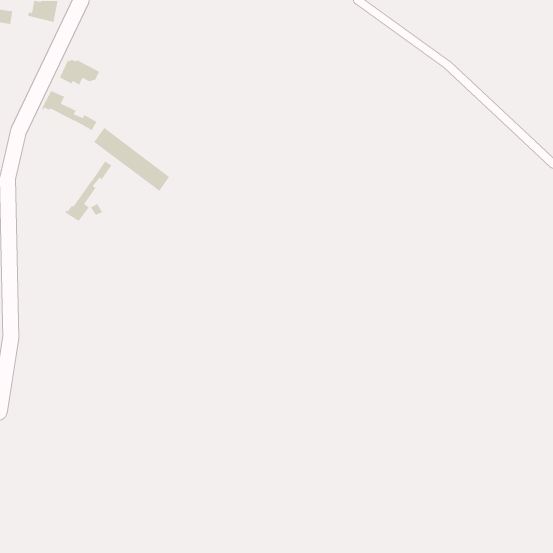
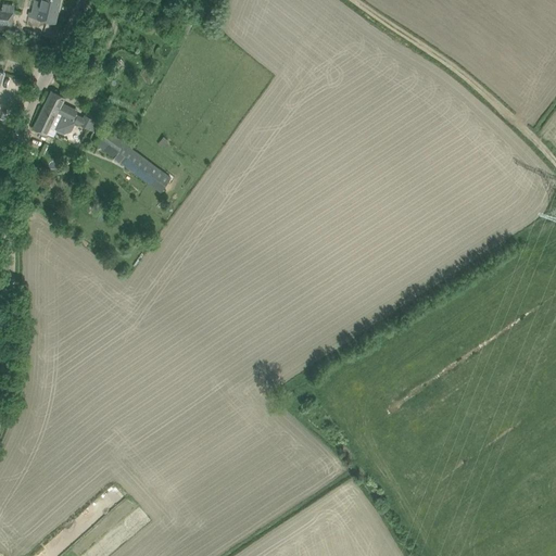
building: [59,58,100,85] -> [33,110,74,137]
building: [64,160,113,222] -> none

